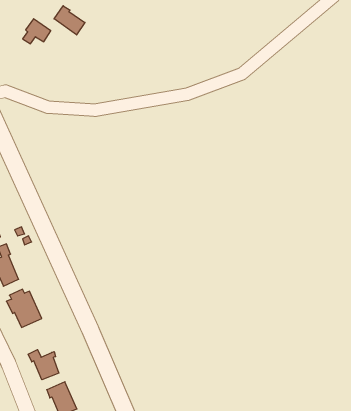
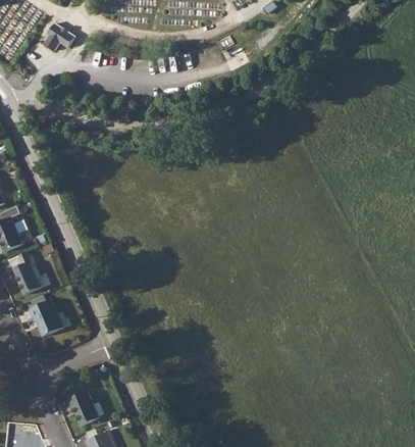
building: [54,6,85,35] -> none
building: [28,350,59,380] -> none

